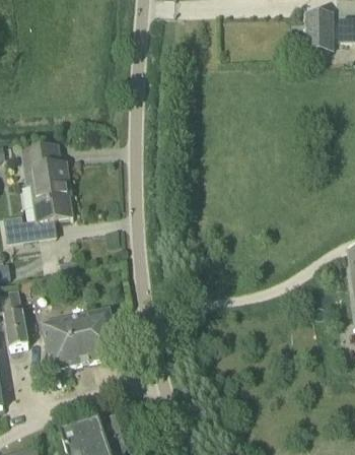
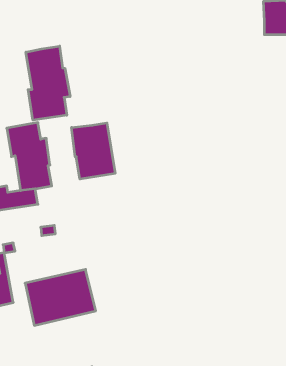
building: none -> [26,46,70,120]
building: none -> [72,123,115,179]

